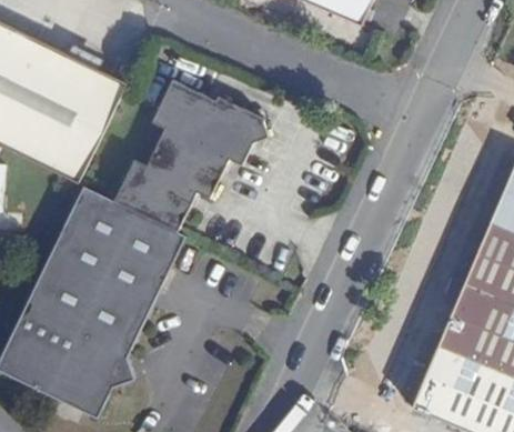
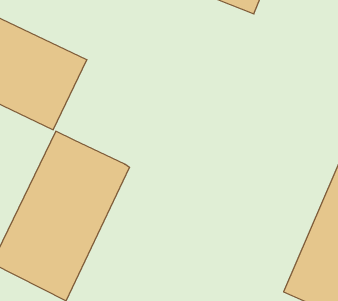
building: [113,78,272,229] -> none

